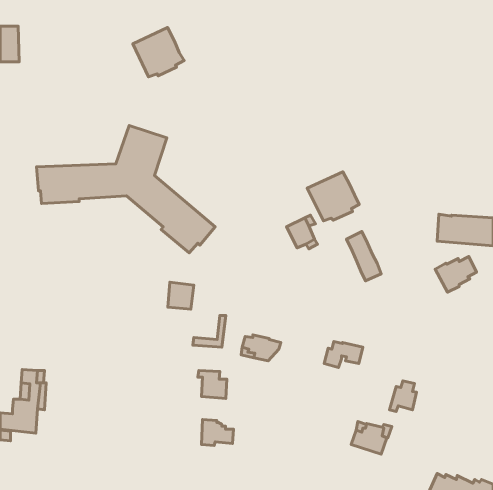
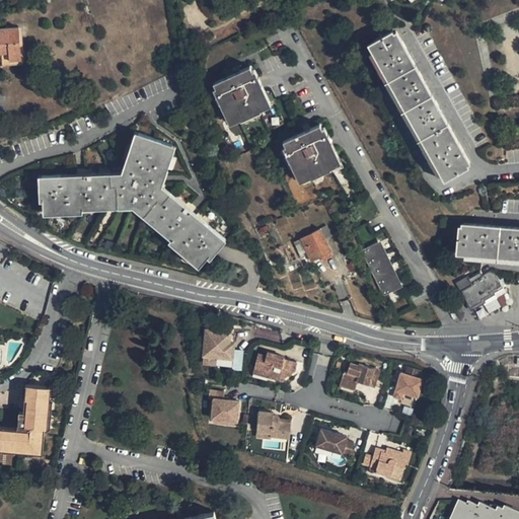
building: [133,28,184,77] -> [211,68,265,120]
building: none -> [367,33,467,182]
building: [307,172,359,221] -> [280,126,335,177]
building: [168,282,194,309] -> [204,331,231,360]
building: [389,381,416,412] -> [393,369,422,401]
building: none -> [315,430,353,456]
building: [202,420,233,446] -> [257,414,291,441]

